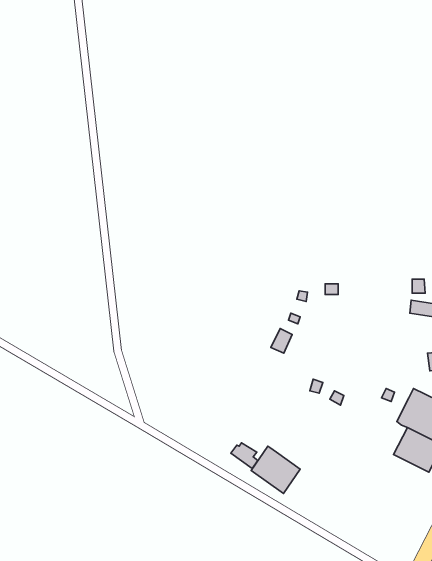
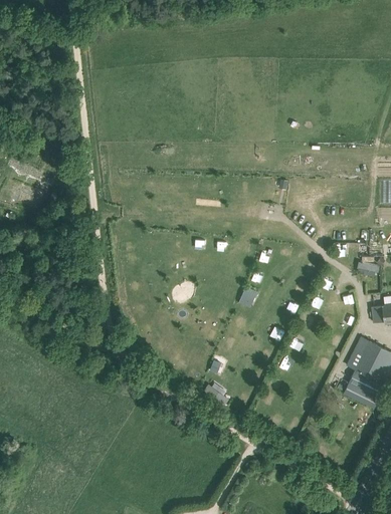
building: [251,446,300,494] -> none

